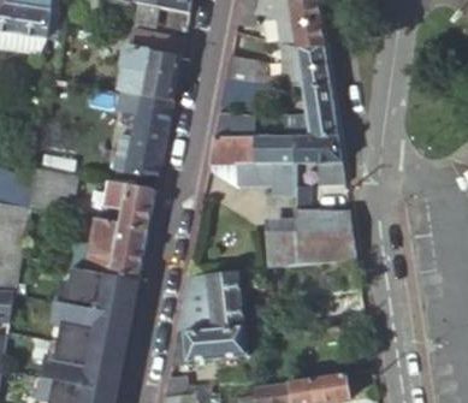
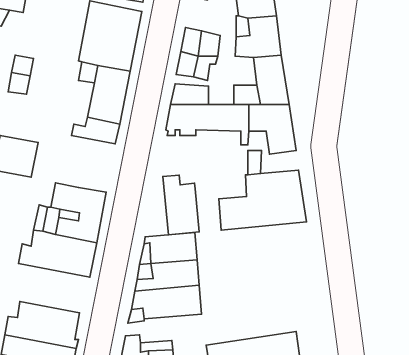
building: [102,182,155,229] -> none
building: none -> [163,175,199,235]
building: [51,303,130,355] -> none

